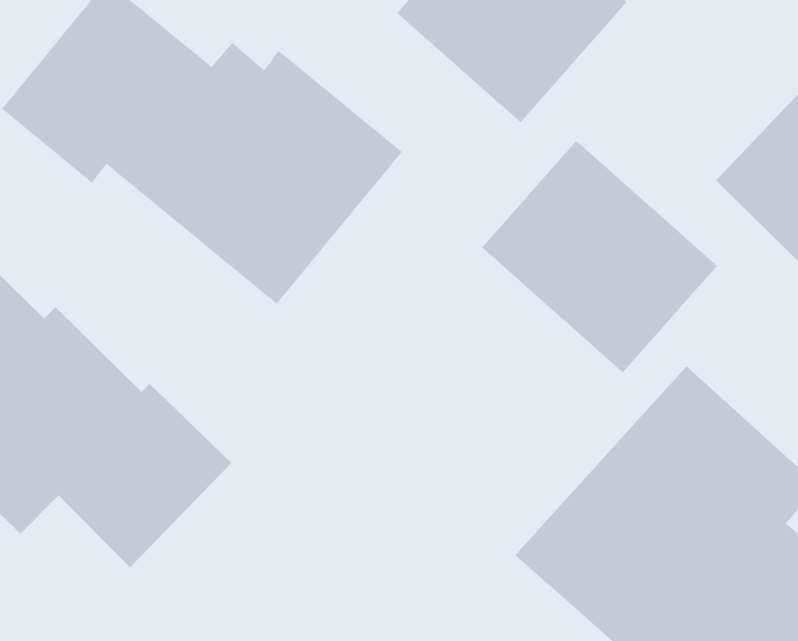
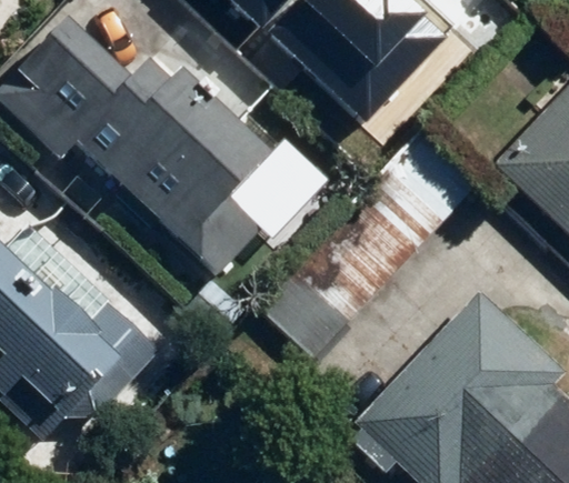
building: [481,140,718,373] -> none

